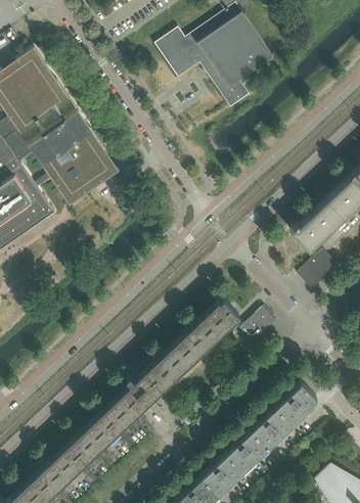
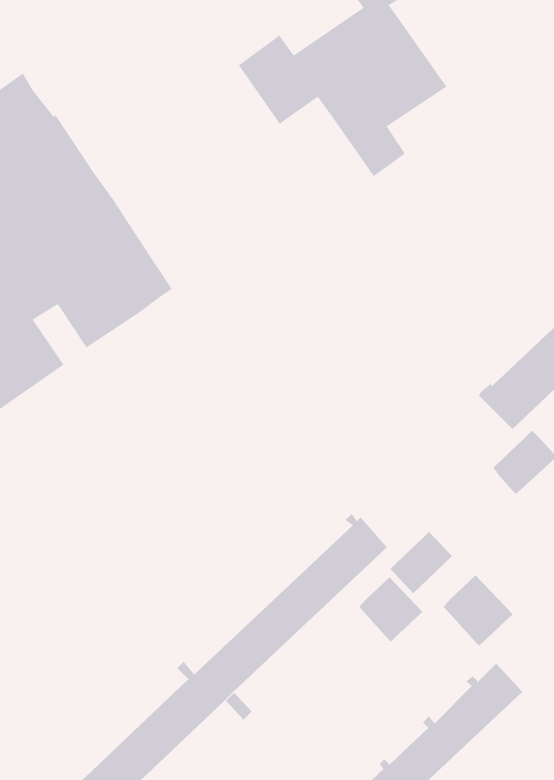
building: none -> [443,575,513,647]
building: none -> [359,576,423,642]

